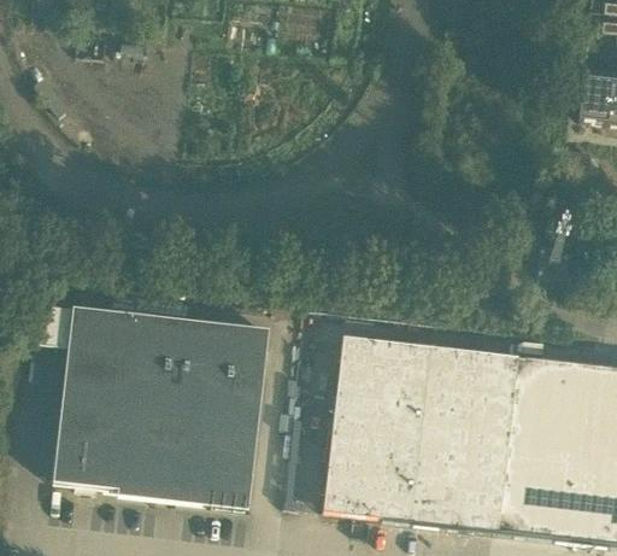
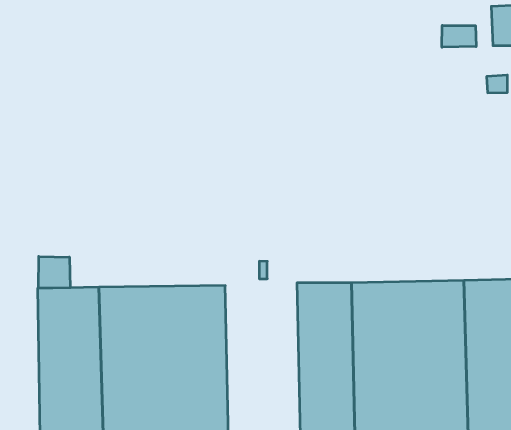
building: none -> [442,25,476,47]
building: none -> [38,256,70,288]

